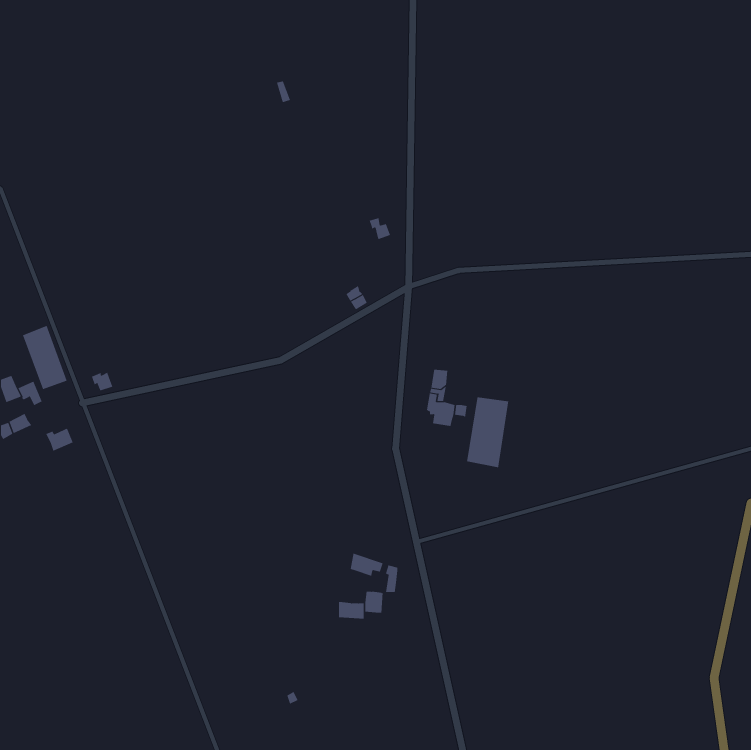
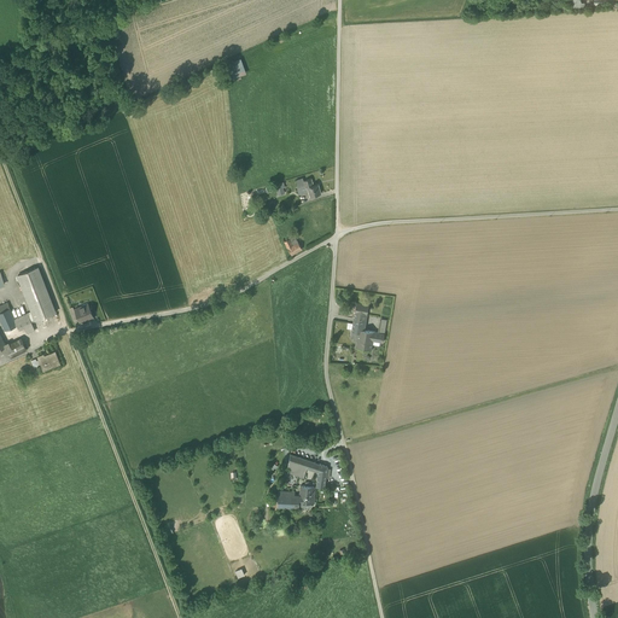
building: [467,396,509,468] -> none

